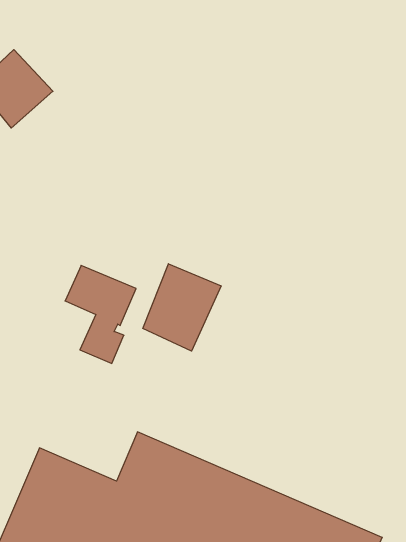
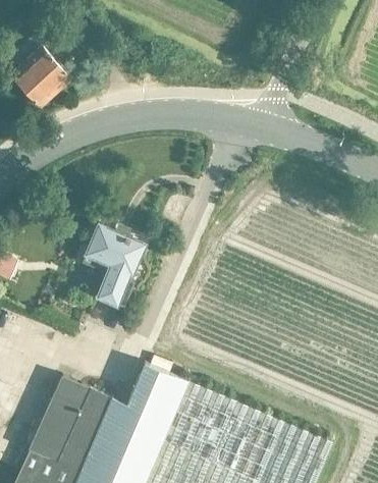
building: [143,264,221,351] -> none

